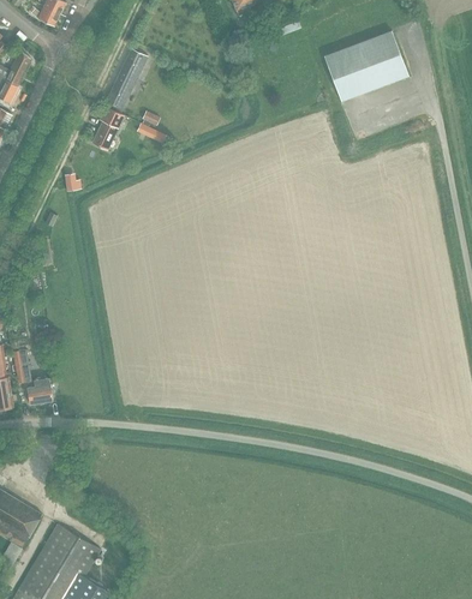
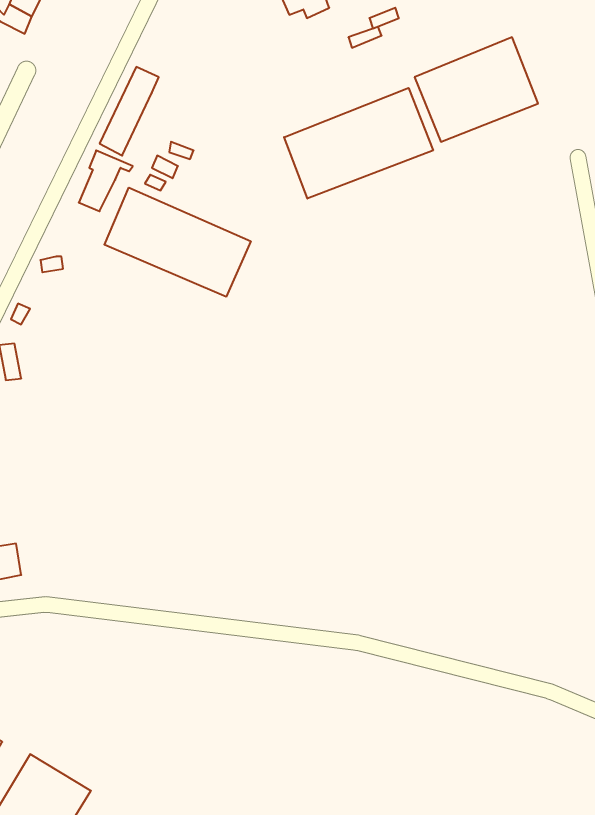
building: none -> [284,88,433,199]
building: none -> [104,188,251,297]

